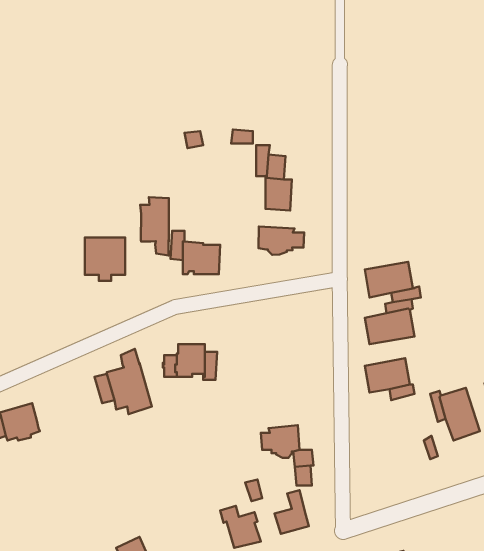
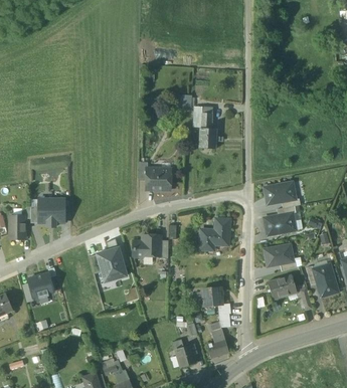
building: [140,197,169,256] -> none
building: [258,226,304,255] -> none
building: [85,237,125,281] -> [38,198,64,226]
building: none -> [199,218,229,249]
building: none -> [267,272,296,299]

